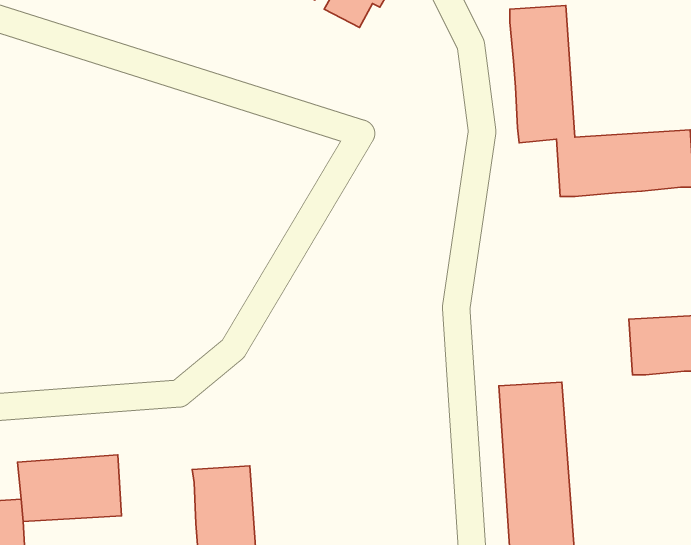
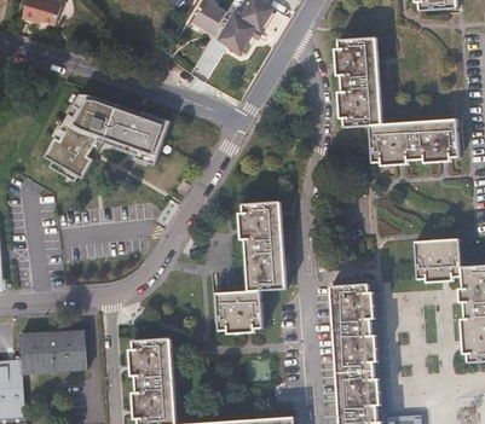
building: none -> [44,94,171,181]
building: none -> [216,202,285,331]

